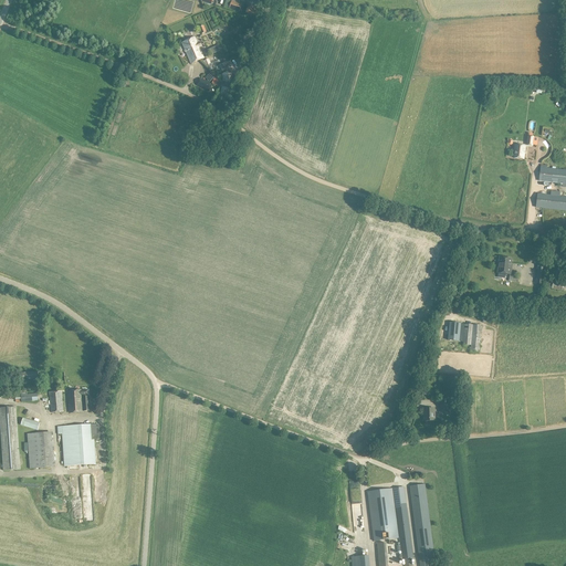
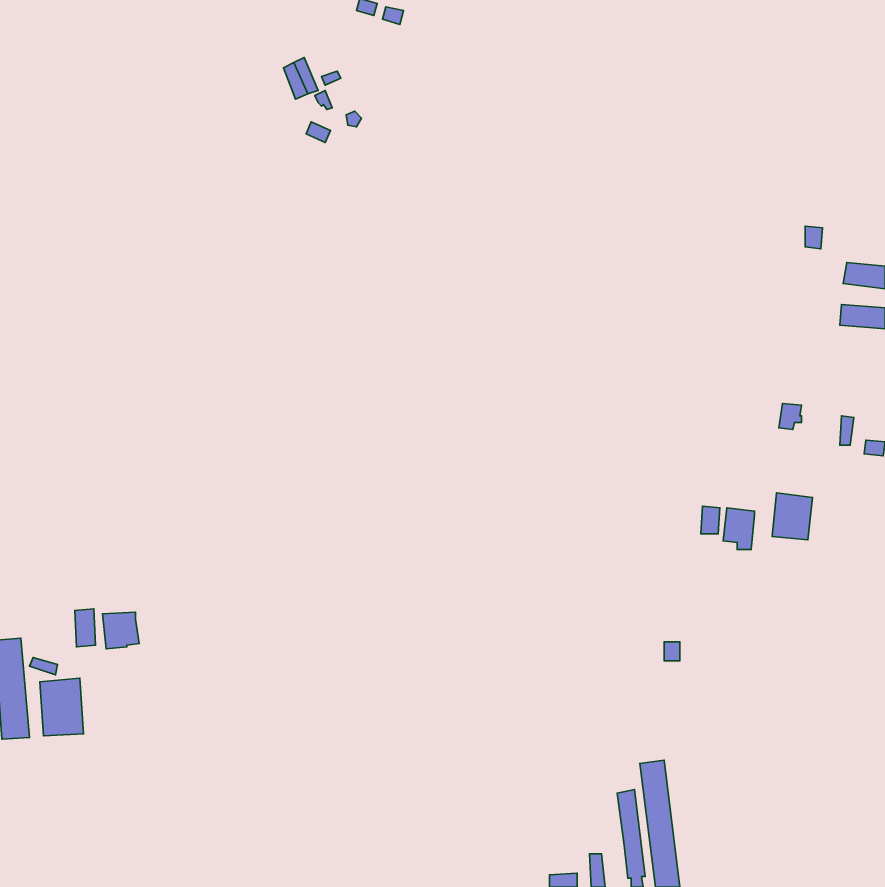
building: none -> [772,493,812,540]
building: [55,423,97,465] -> none
building: [365,488,397,541] -> none

